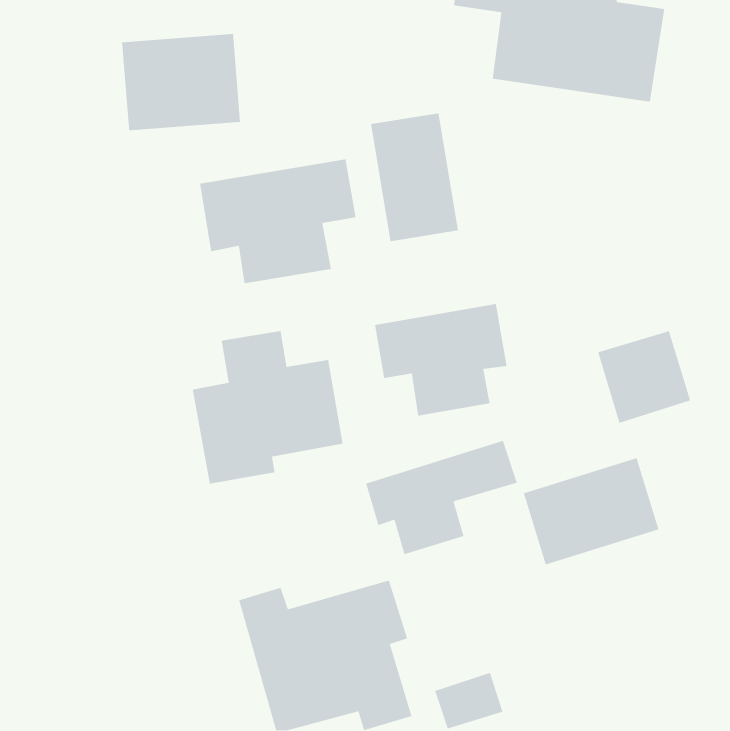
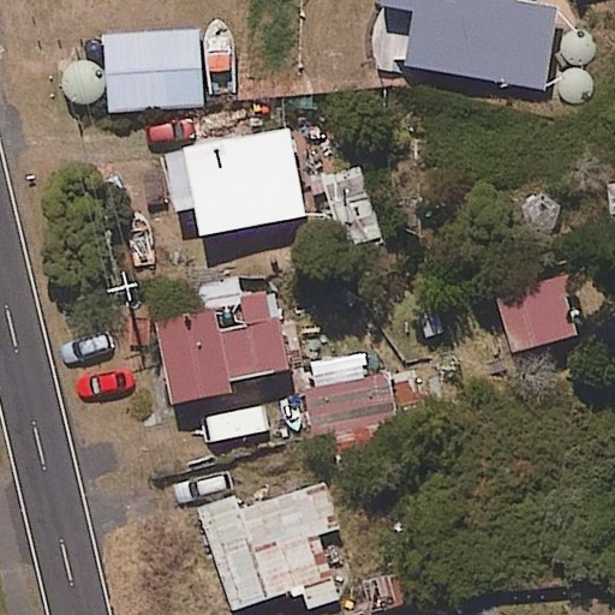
building: [370,113,459,242] -> none
building: [374,303,507,417] -> none
building: [523,457,659,565] -> none

